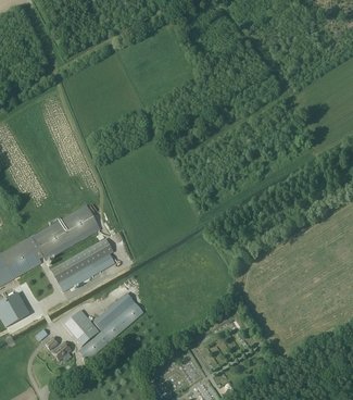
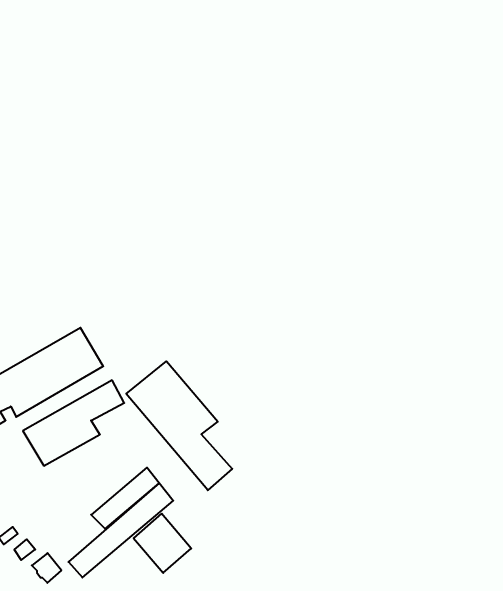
building: none -> [126,361,232,490]
building: [64,310,100,347] -> [134,514,191,573]

